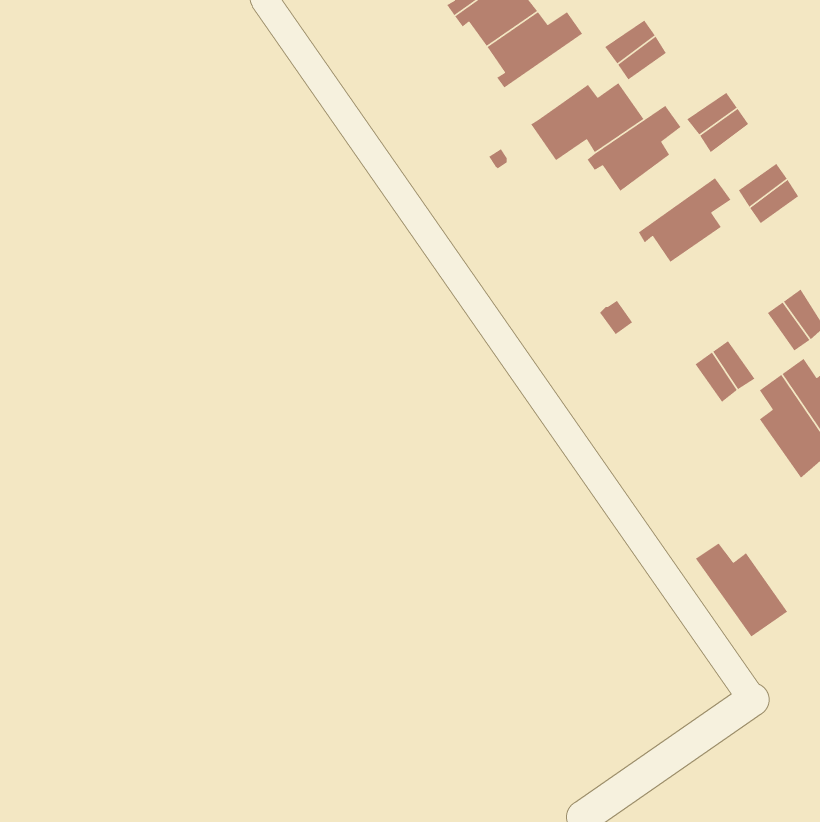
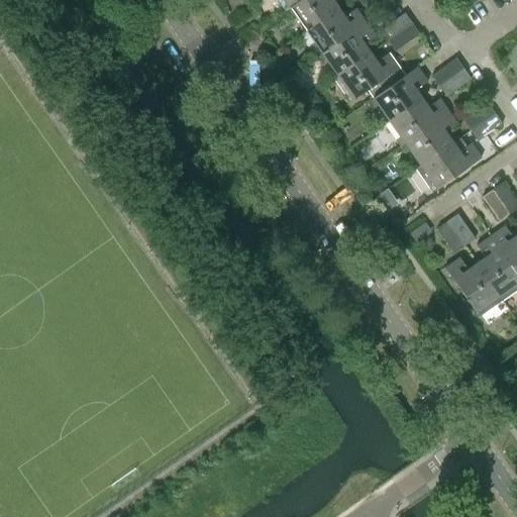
building: none -> [318,21,378,75]
building: none -> [391,97,450,145]
building: none -> [417,142,483,191]
building: [695,543,788,638] -> [445,256,504,316]

